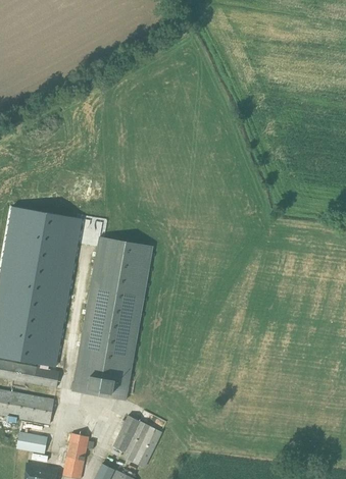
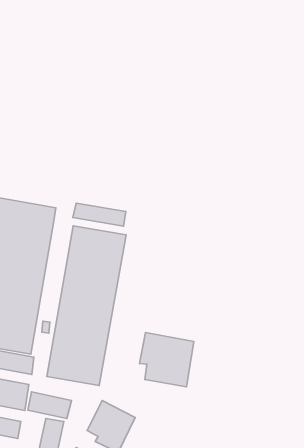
building: none -> [73,203,126,226]
building: none -> [140,332,194,387]
building: none -> [28,392,72,418]

